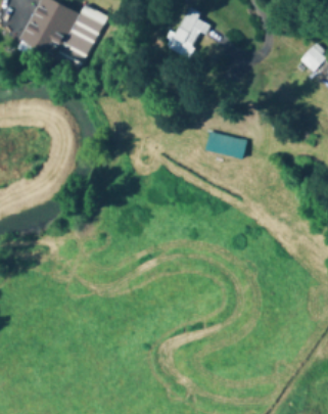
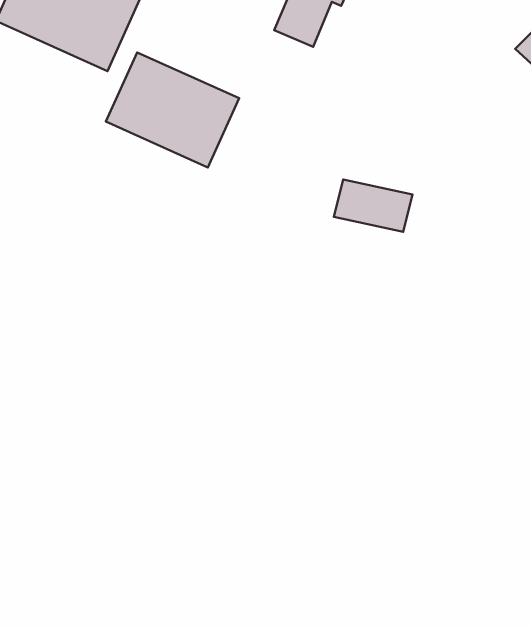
building: none -> [106,52,239,168]

